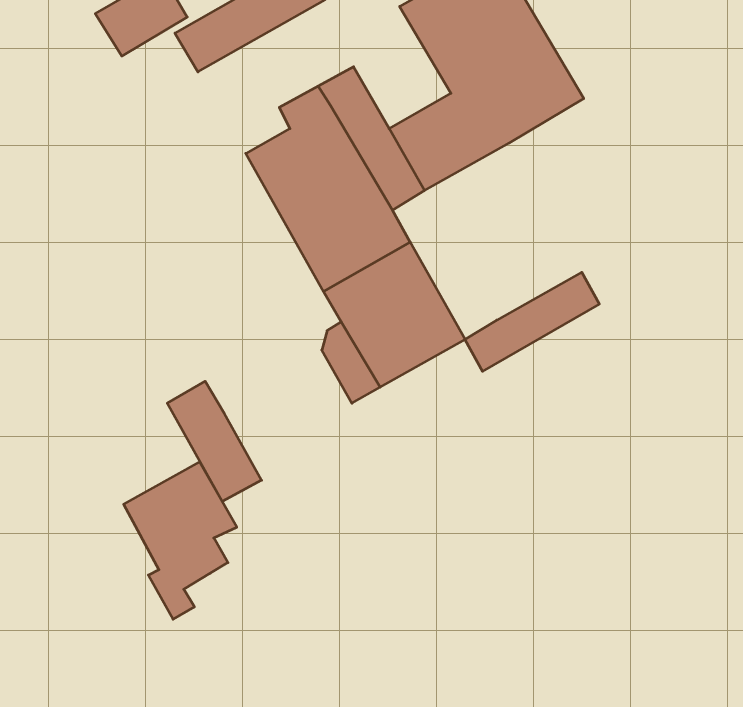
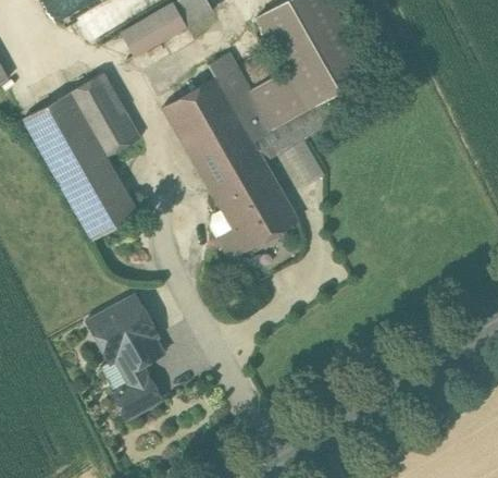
building: none -> [23,73,140,240]
building: [465,272,599,371] -> [253,100,336,161]
building: [167,381,262,502] -> none
building: none -> [113,365,160,418]

